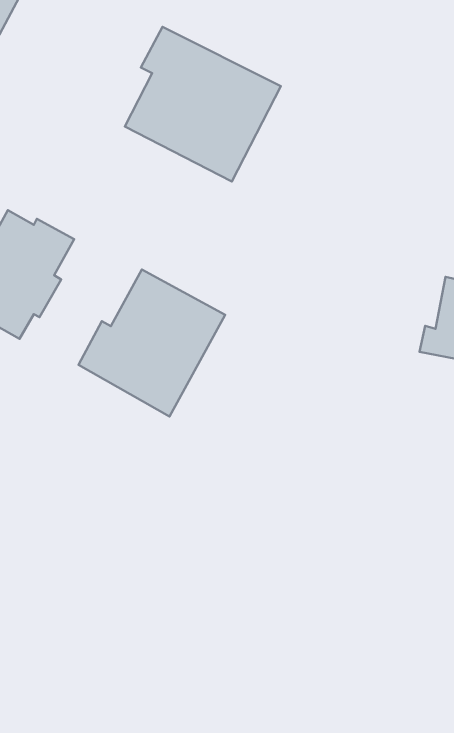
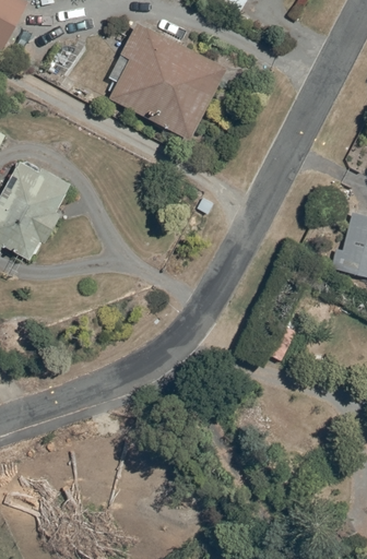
building: [79,269,225,416] -> none

